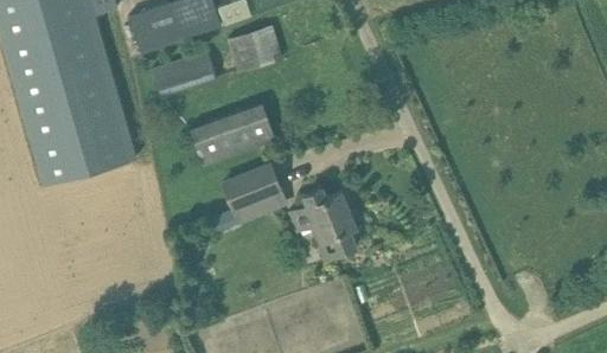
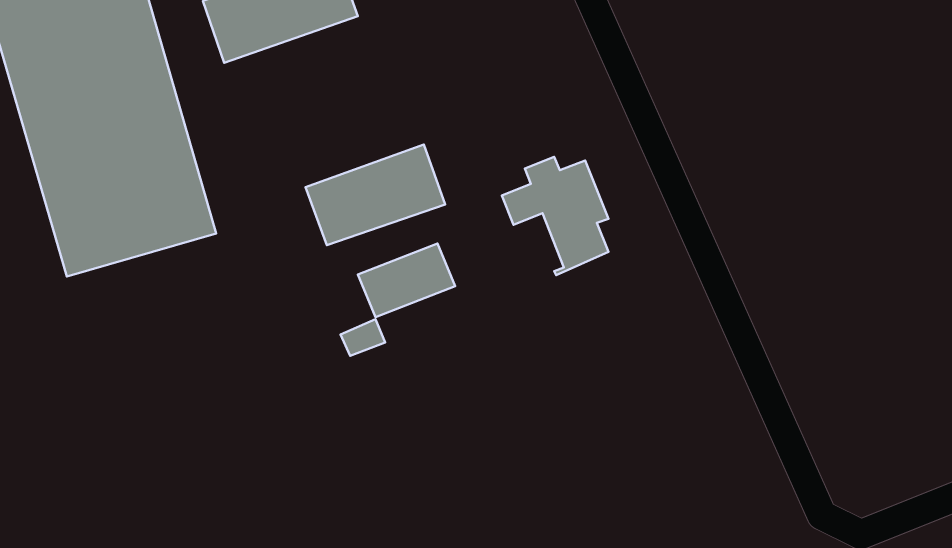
building: [228,26,282,73] -> none
building: [151,51,217,97] -> none
building: [290,190,356,262] -> [502,157,608,275]

